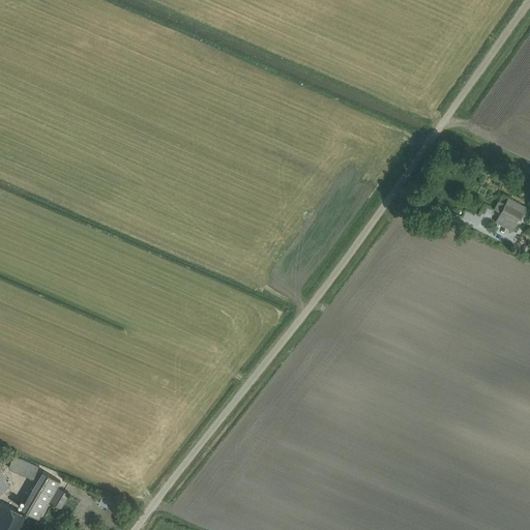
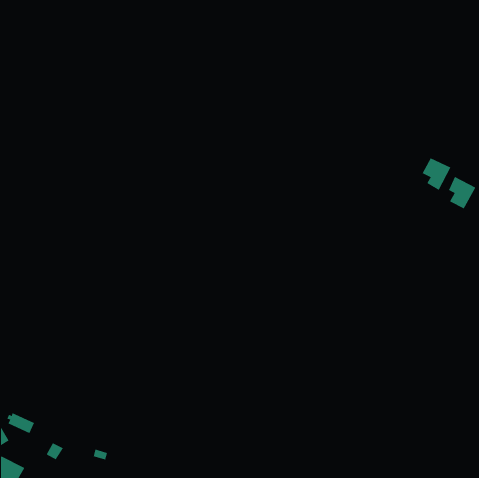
building: none -> [422,157,451,191]
building: [20,472,60,520] -> none

